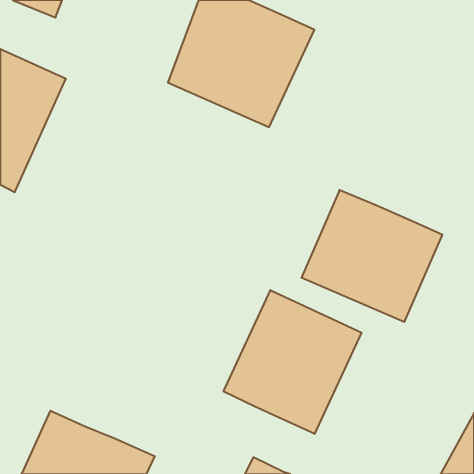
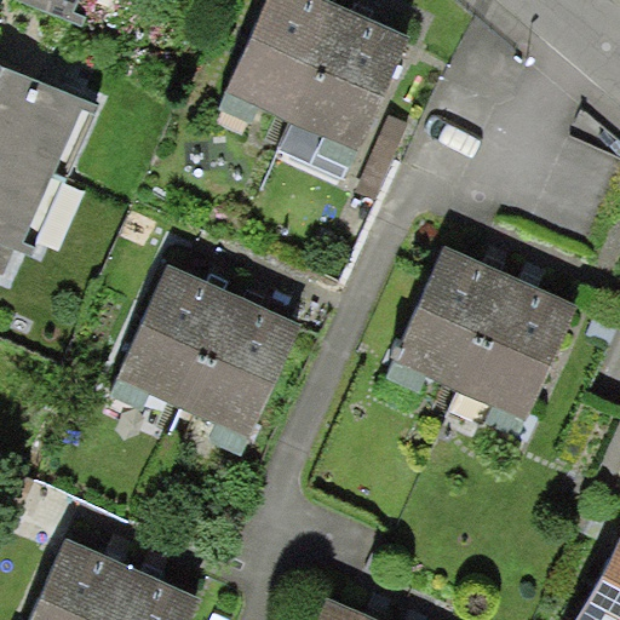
building: none -> [117,265,302,441]
building: [224,290,361,434] -> none

